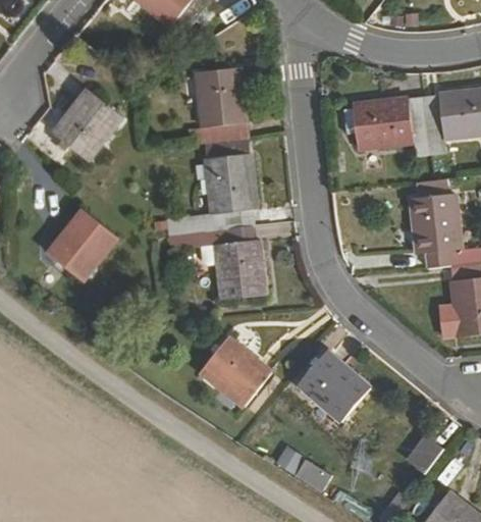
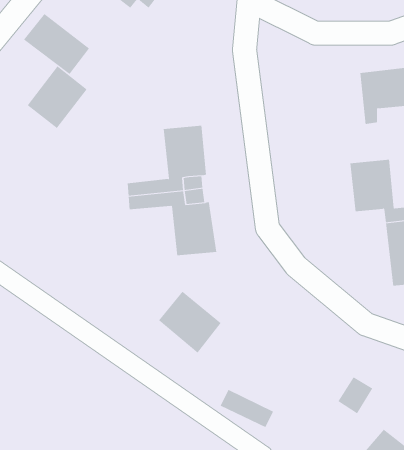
building: none -> [23,13,90,75]
building: [188,67,247,144] -> none
building: [352,97,429,155] -> none
building: [48,209,115,280] -> none
building: [298,351,367,421] -> none

